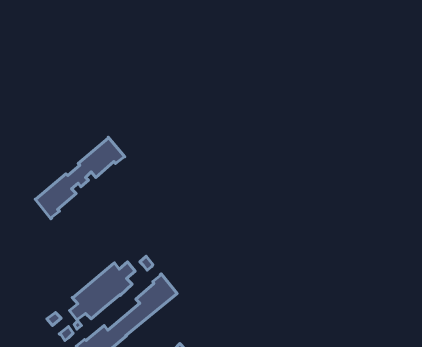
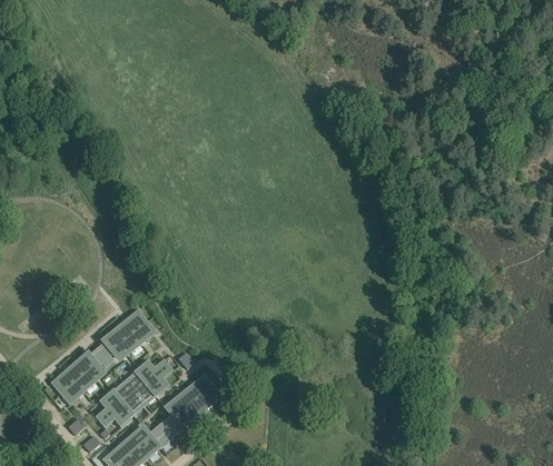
building: [35,137,125,219] -> [50,308,157,405]

